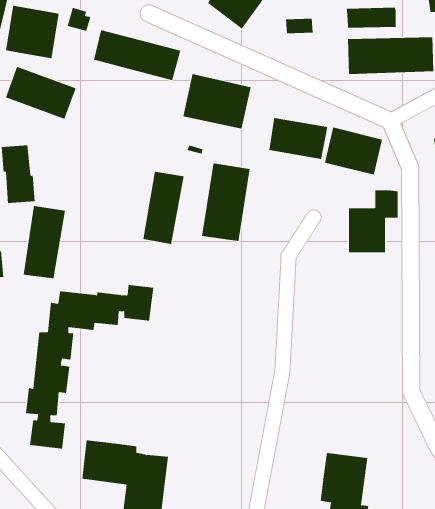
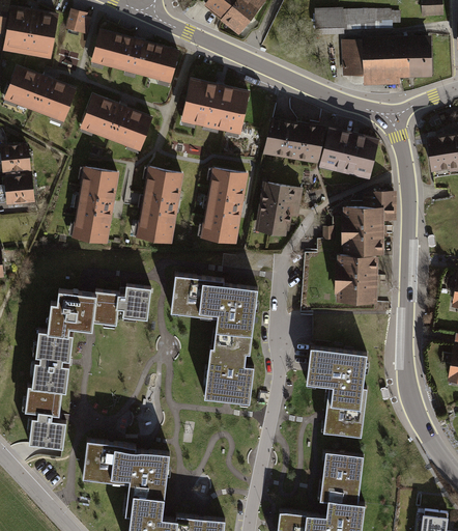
building: [285,18,314,34] -> [315,15,343,30]
building: none -> [82,100,151,155]
building: none -> [256,180,304,232]
building: [23,205,66,279] -> [76,173,118,246]
building: none -> [339,257,375,304]
building: none -> [169,275,257,403]
building: none -> [303,344,367,437]

